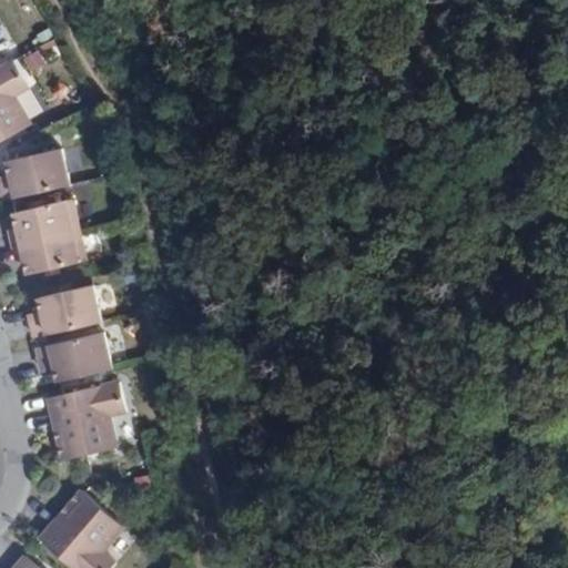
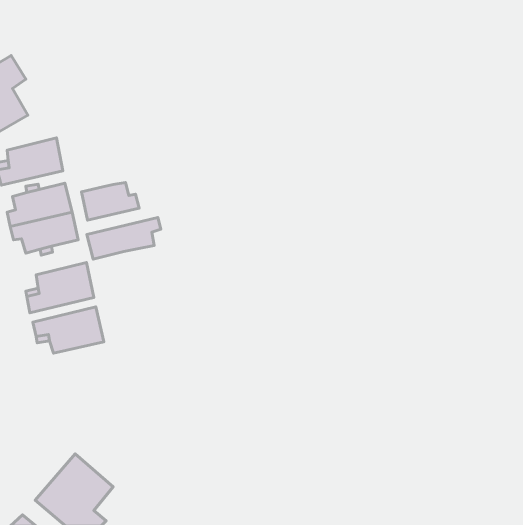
building: none -> [81,182,139,220]
building: none -> [87,217,161,259]
building: [47,383,125,460] -> none

